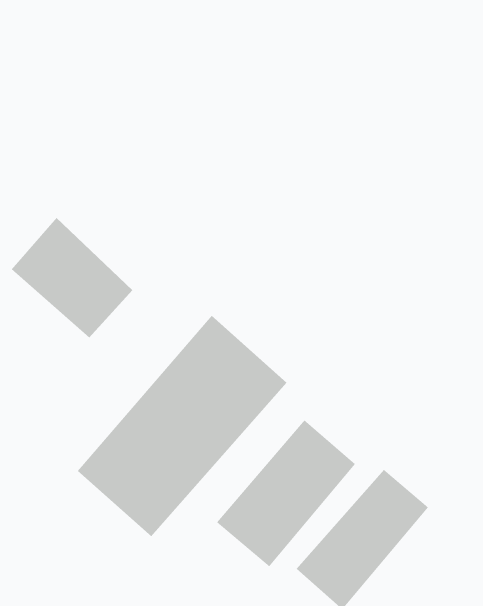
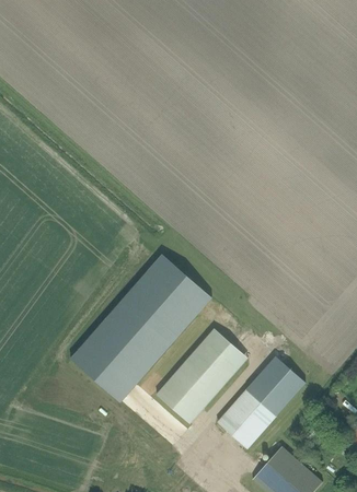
building: [11,217,133,339] -> none

